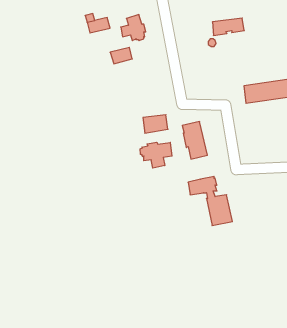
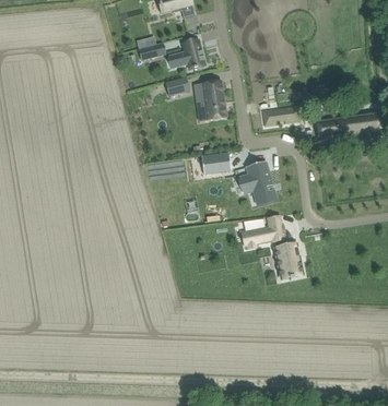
building: [212,18,244,35] -> [262,106,298,126]
building: none -> [197,80,226,119]
building: [140,142,172,168] -> none

